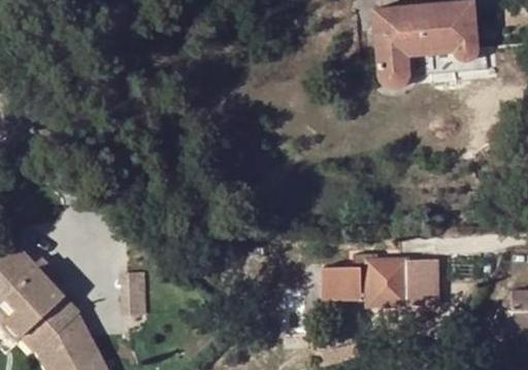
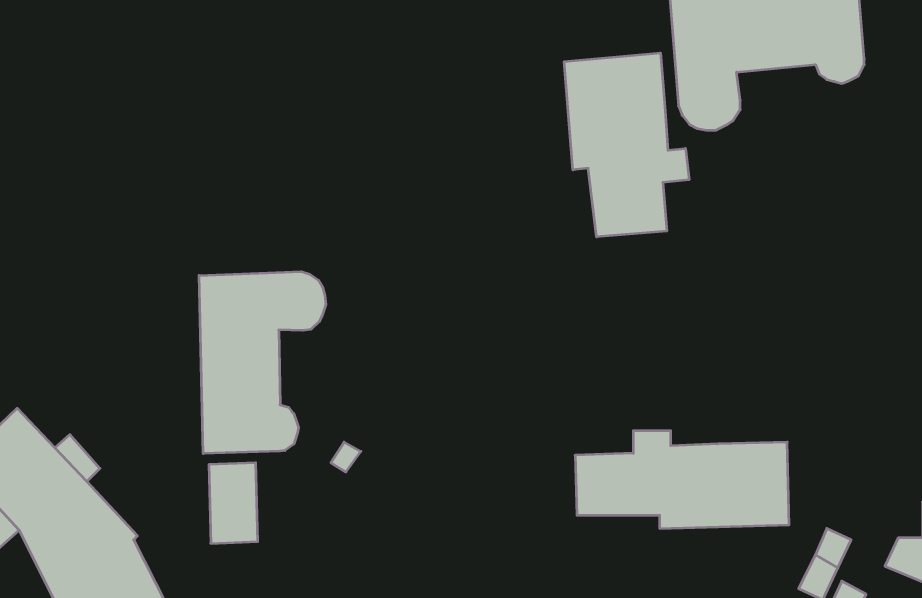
building: none -> [564,53,689,237]
building: none -> [199,272,326,454]

